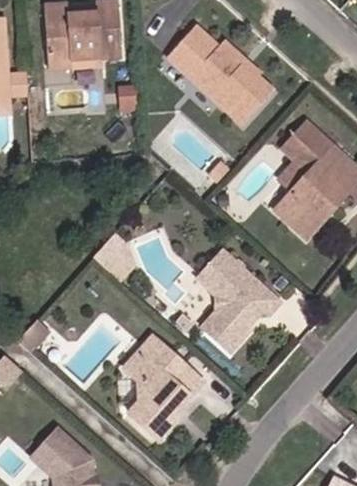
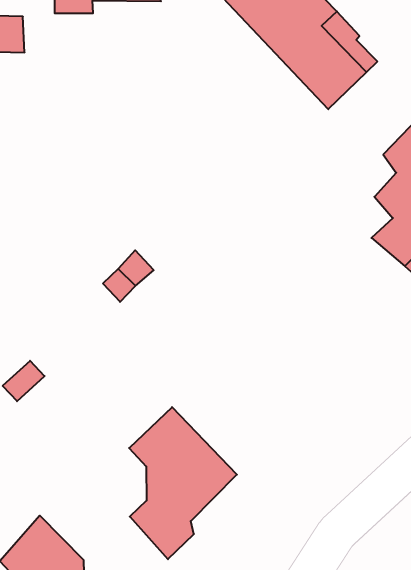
building: [185,247,269,345] -> none

